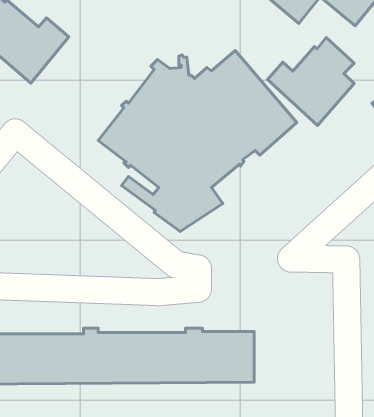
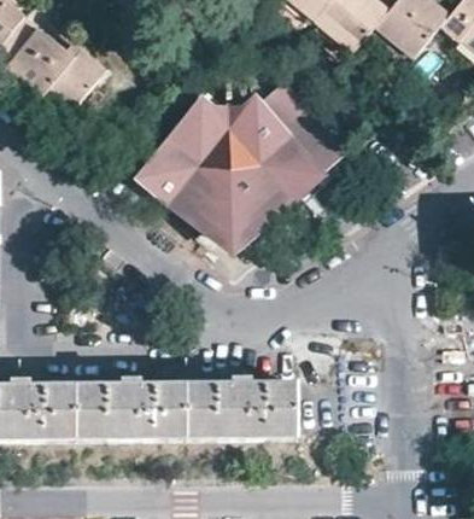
building: [267,37,354,125] -> none

